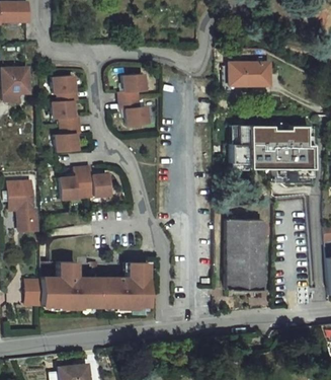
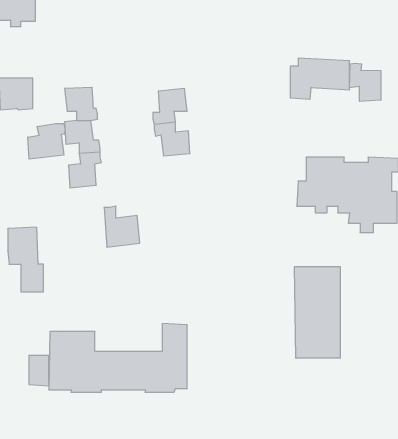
building: none -> [350,63,381,101]
building: none -> [28,124,65,159]
building: [59,167,85,199] -> none

